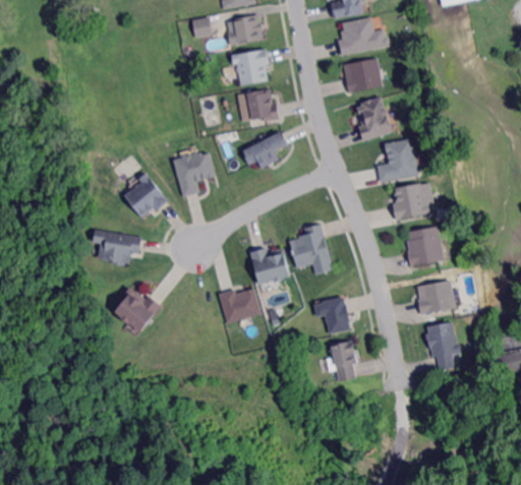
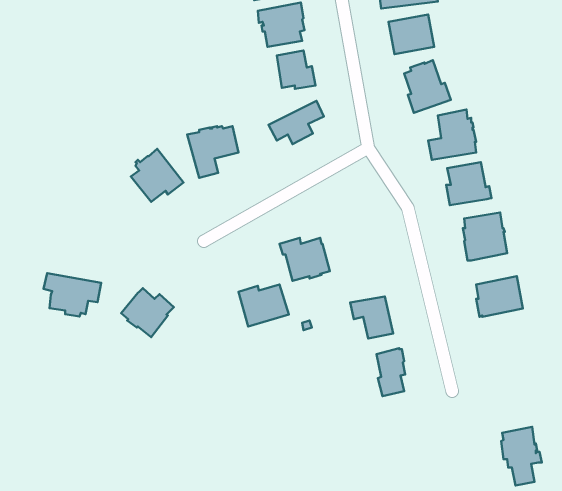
building: [291,223,333,274] -> none
building: [93,229,141,265] -> [44,273,101,316]
building: [426,321,461,371] -> [501,427,542,485]

